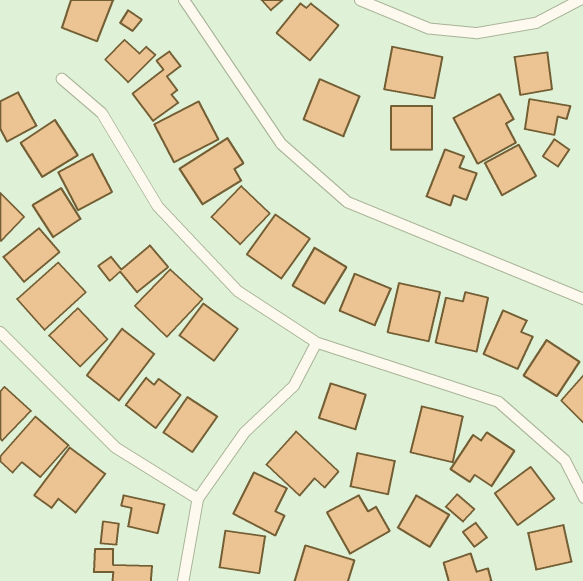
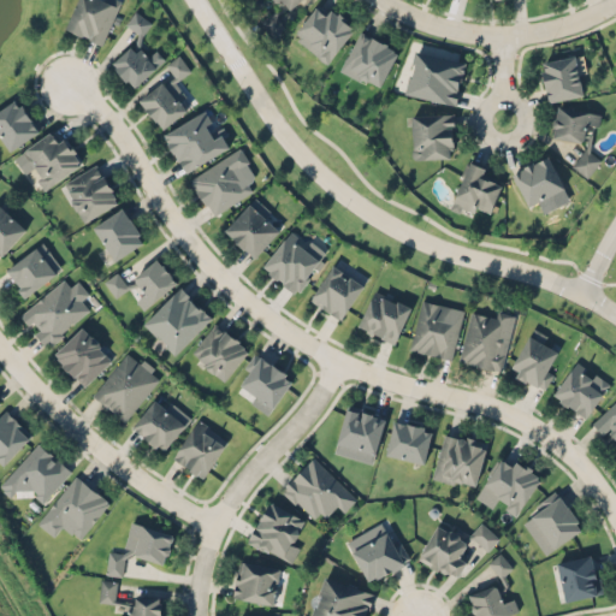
building: [304,79,360,136] -> [340,31,399,91]
building: [453,94,516,164] -> none
building: [33,188,81,237] -> [94,209,144,261]
building: none -> [242,355,295,415]
building: [350,453,395,494] -> [386,421,433,464]

